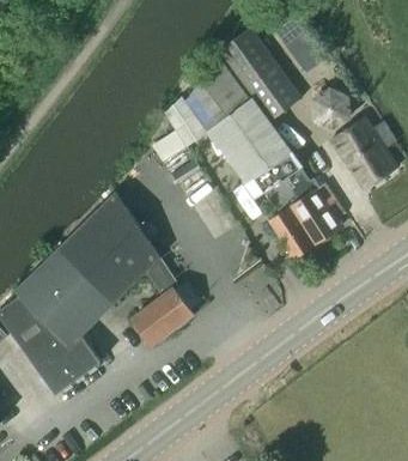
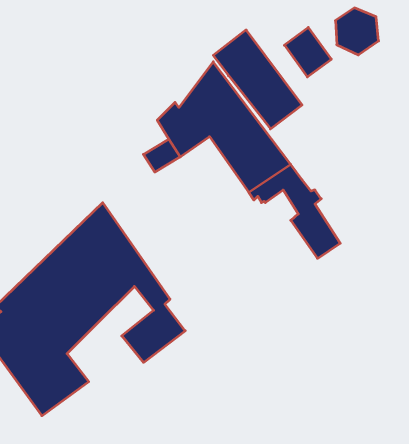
building: [313,87,354,132] -> [335,8,379,55]
building: [331,119,397,192] -> none
building: [264,180,317,260] -> none

